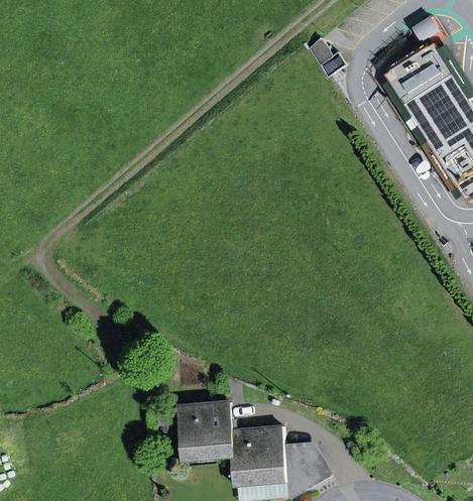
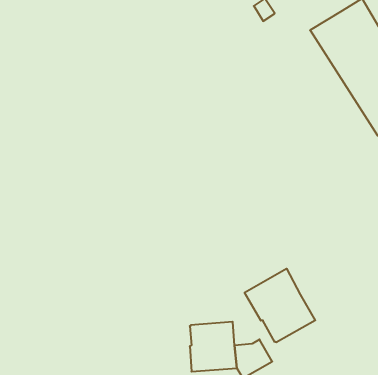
building: none -> [245,269,315,342]
building: [157,401,234,458] -> none

